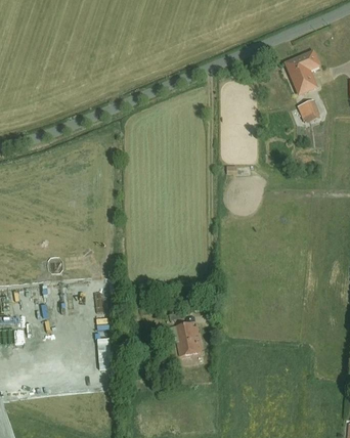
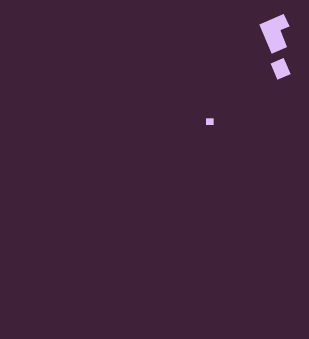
building: [172,321,201,356] -> none

